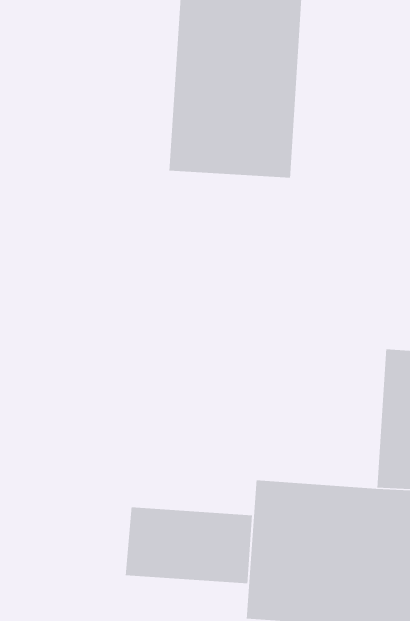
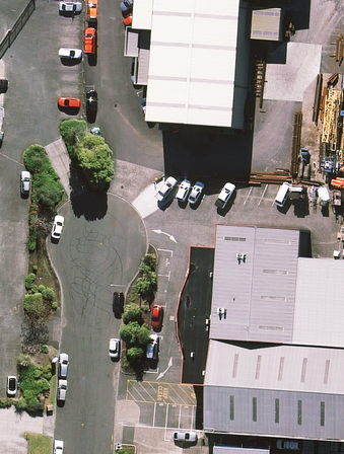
building: none -> [208,226,299,346]
building: [125,506,253,584] -> none

